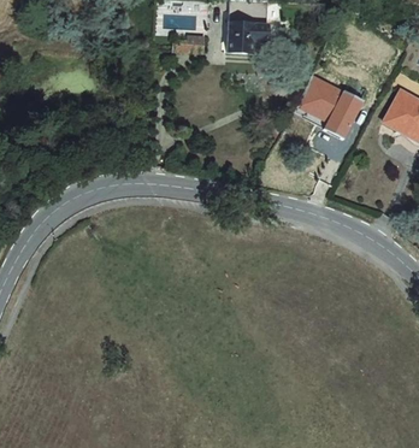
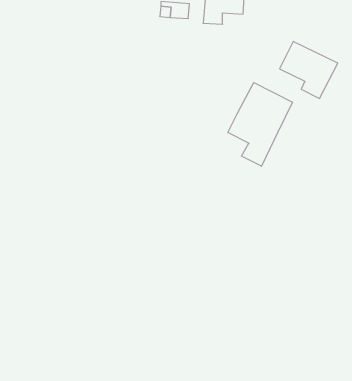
building: none -> [228,83,292,166]

